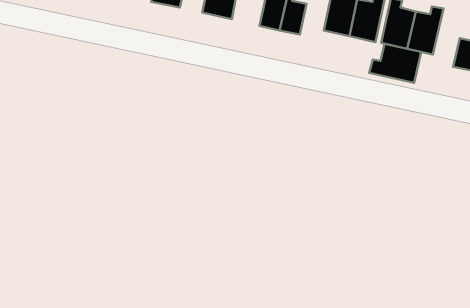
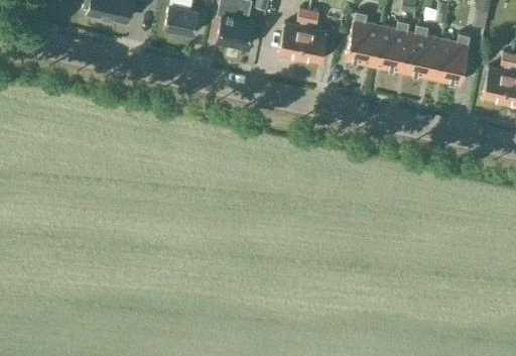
building: [369,44,421,83] -> none

